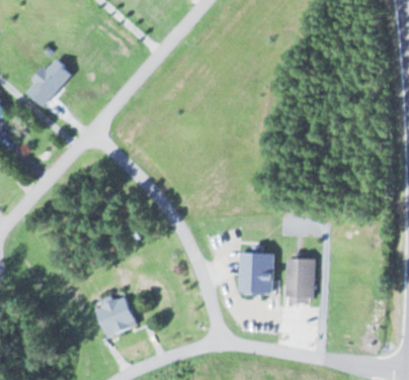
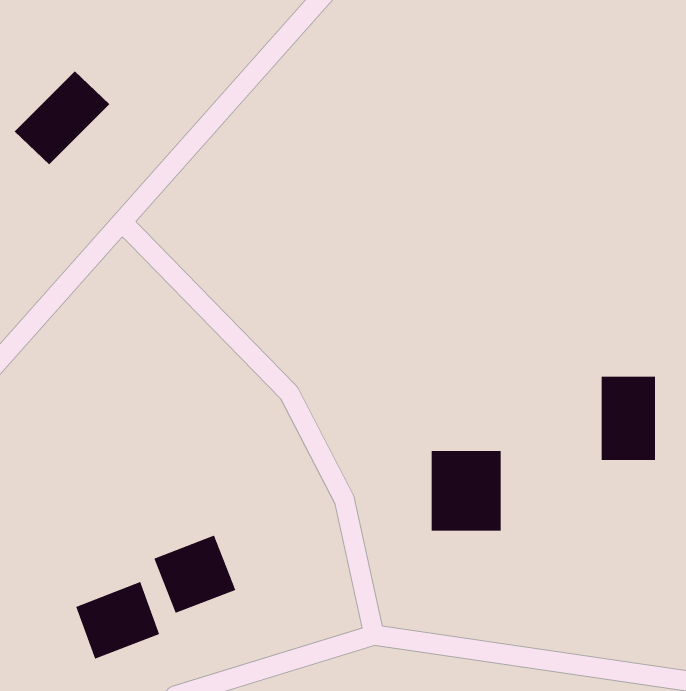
building: [284,259,313,302] -> [601,376,656,461]
building: none -> [75,581,160,660]

